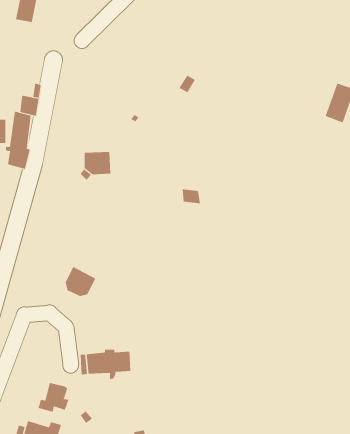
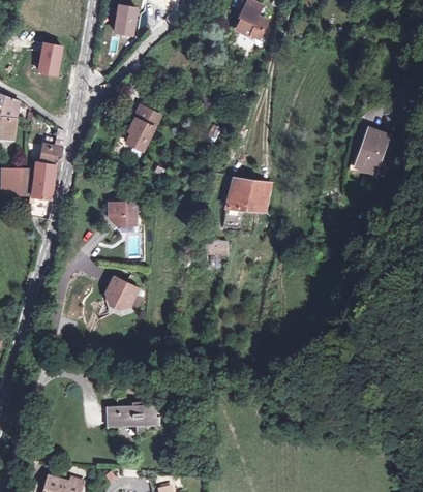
building: none -> [128,101,163,146]
building: none -> [221,178,271,227]
building: [65,266,96,297] -> [107,276,139,307]
building: [38,382,69,412] -> none

